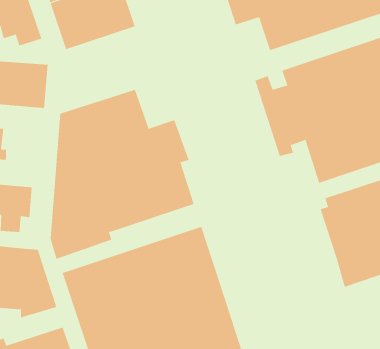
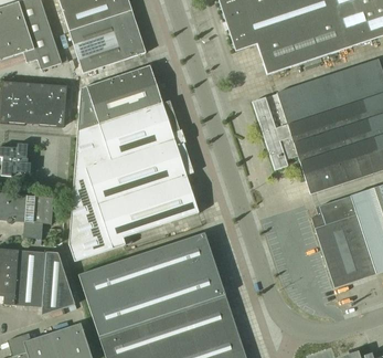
building: none -> [76,65,180,144]

